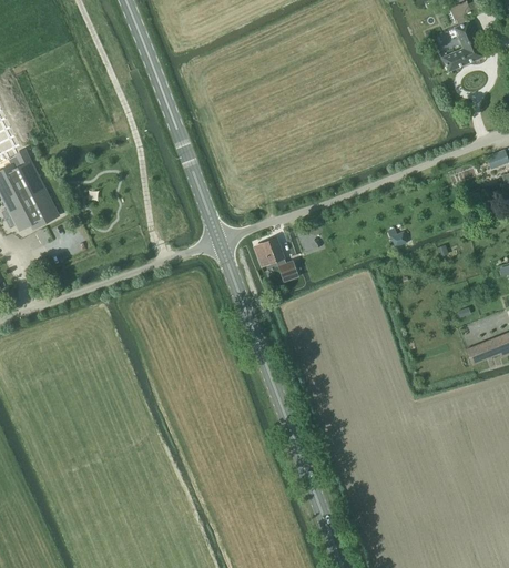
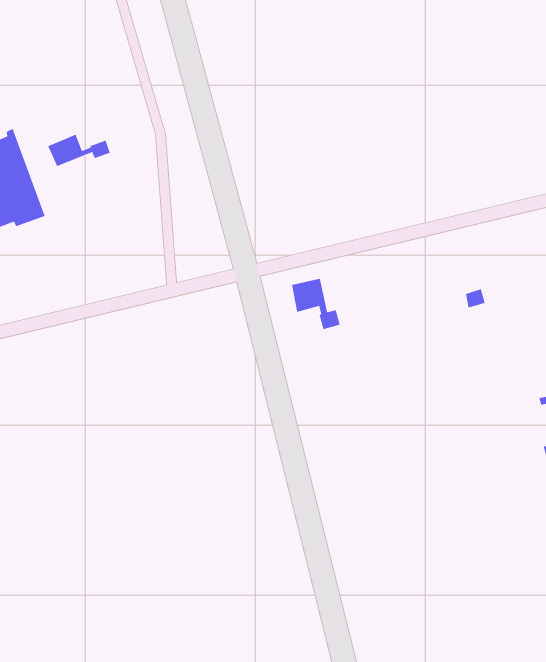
building: none -> [48,134,111,167]

